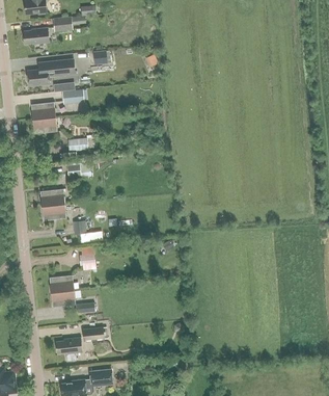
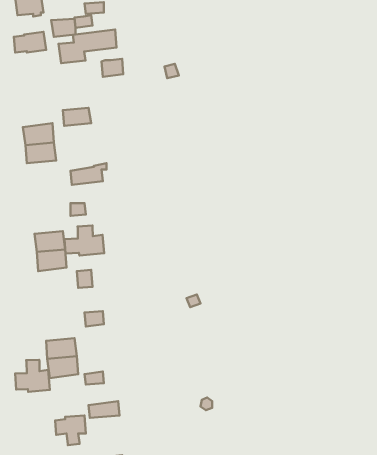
building: [27,58,74,85] -> [59,30,116,63]
building: none -> [65,226,104,255]
building: none -> [15,360,50,392]

